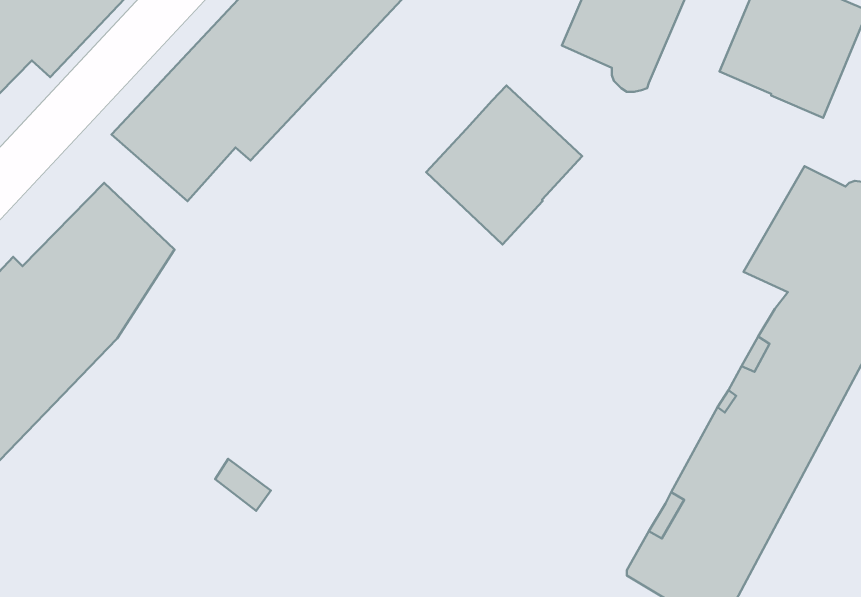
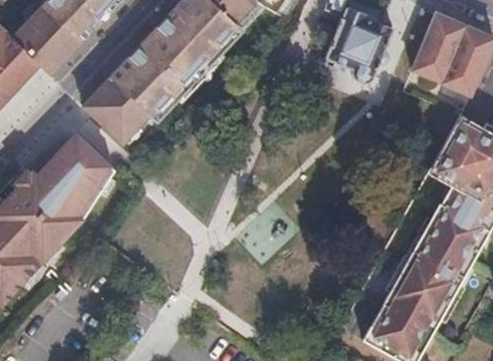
building: [426,85,582,245] -> none

